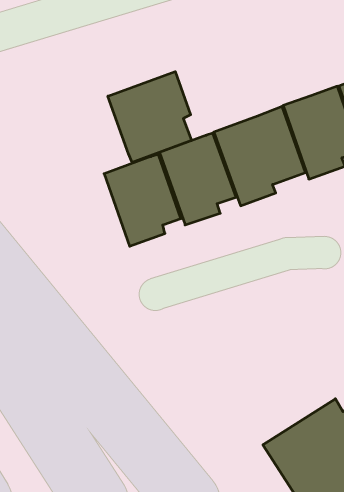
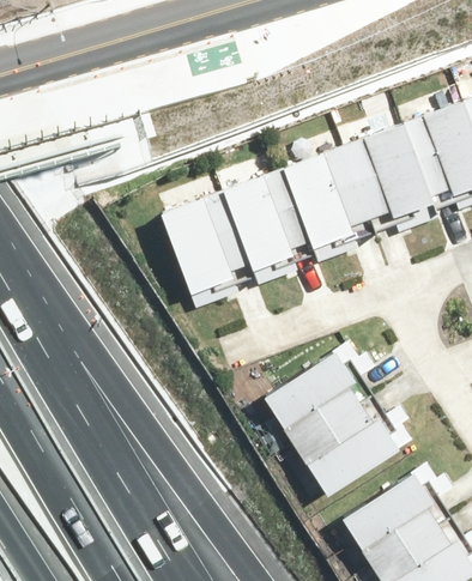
building: [108,72,191,162] -> none
building: none -> [262,349,407,500]

